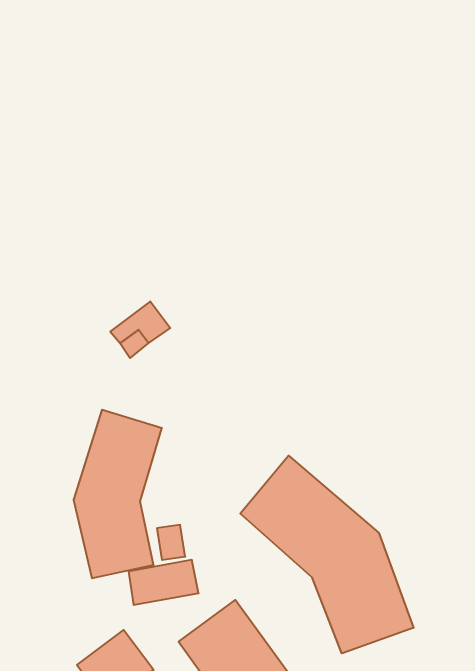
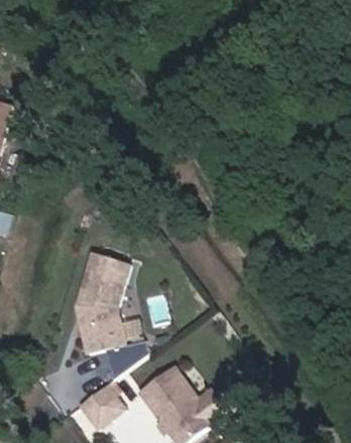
building: [240,456,414,653] -> none

